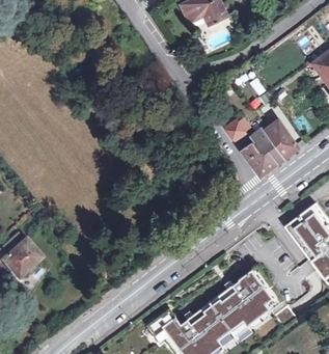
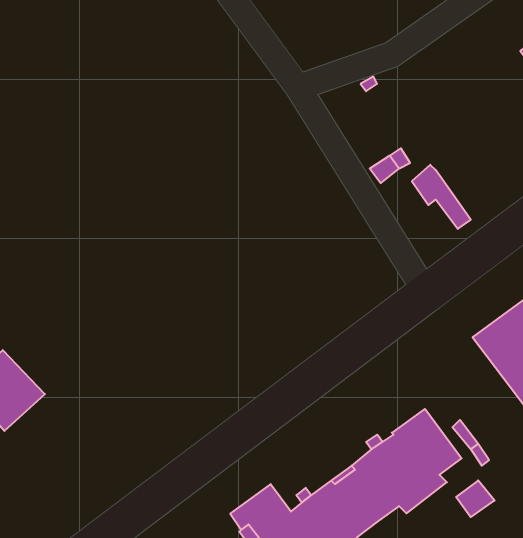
building: [264,120,298,159] -> none
building: [241,145,276,176] -> none

